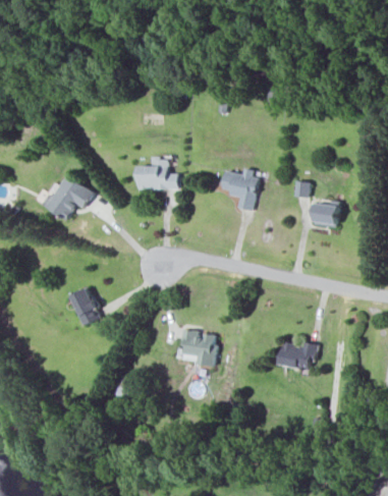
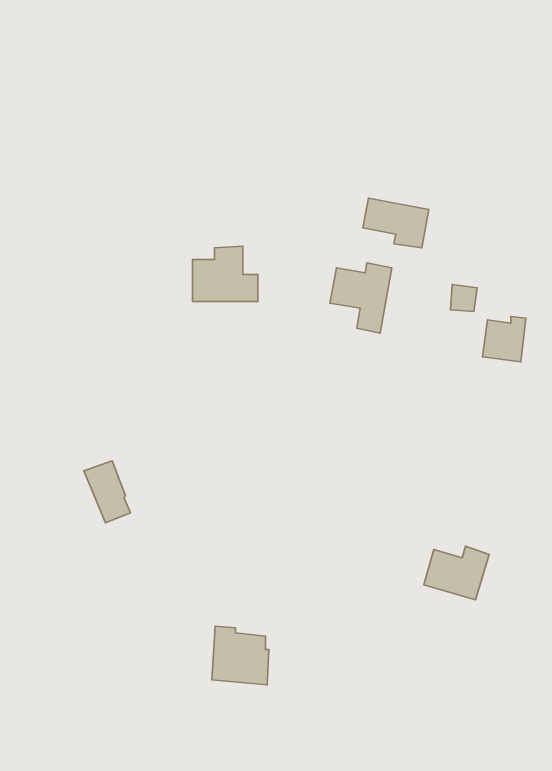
building: none -> [363,198,429,248]
building: [45,174,93,220] -> none
building: [180,329,215,365] -> [212,626,269,685]

